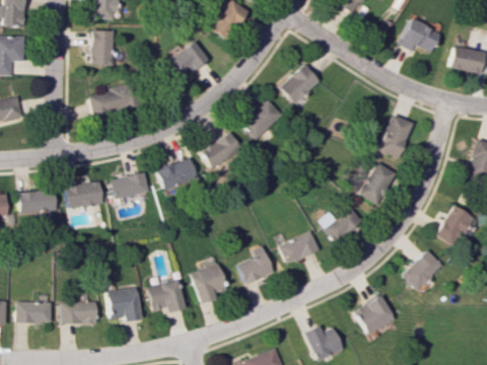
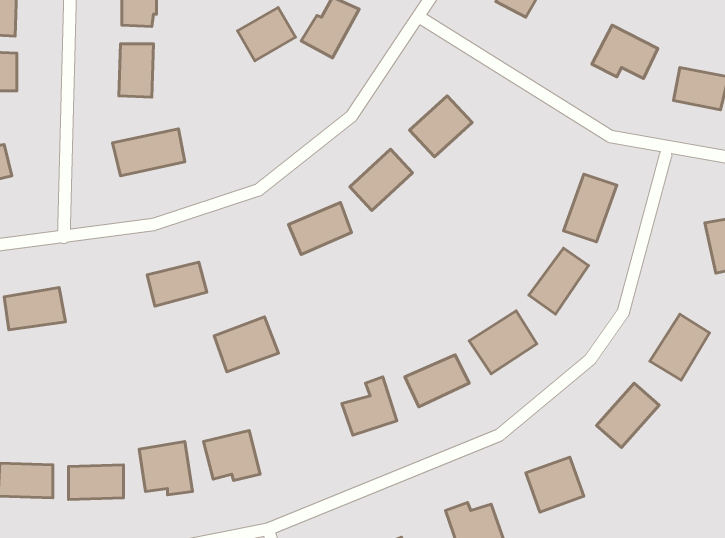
building: [170,42,208,76] -> [237,7,296,61]
building: [157,157,199,193] -> [214,317,279,372]
building: [64,180,103,210] -> none
building: [189,264,227,302] -> none

